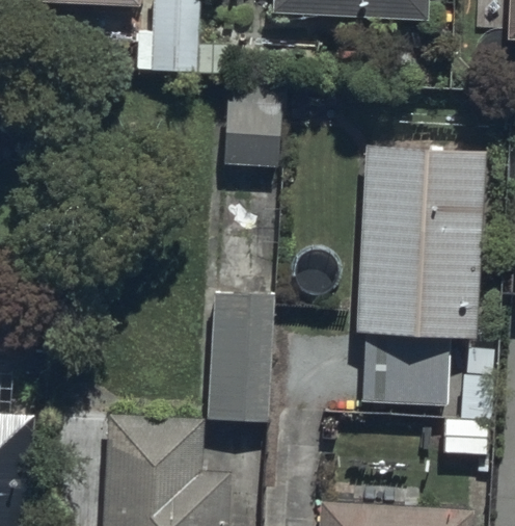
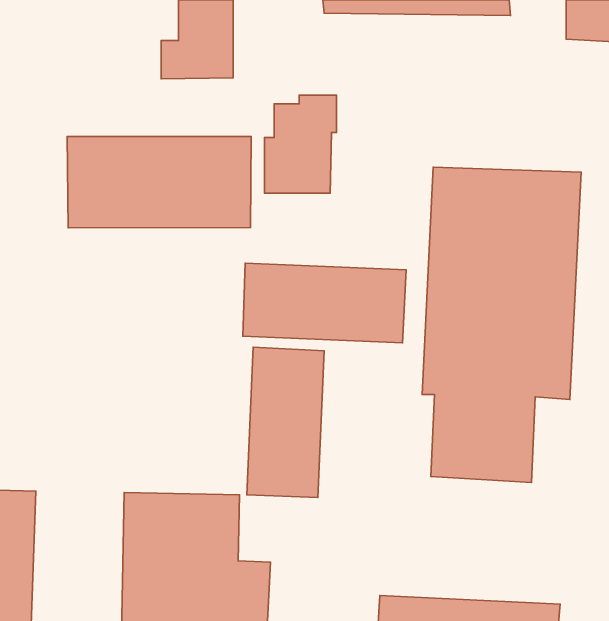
building: none -> [67,136,251,228]
building: none -> [243,263,406,343]

